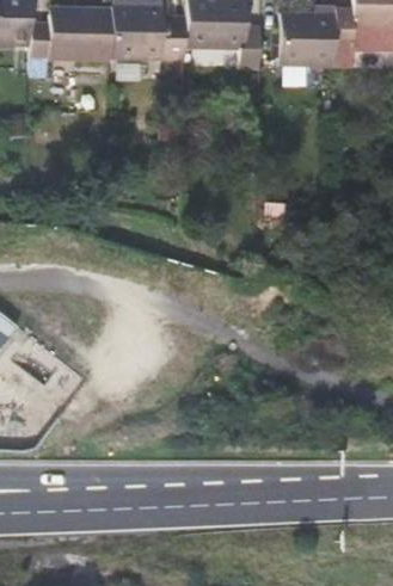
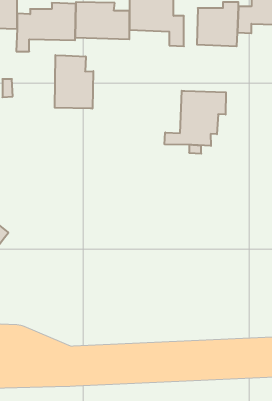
building: none -> [55,55,93,109]
building: none -> [165,91,226,146]

